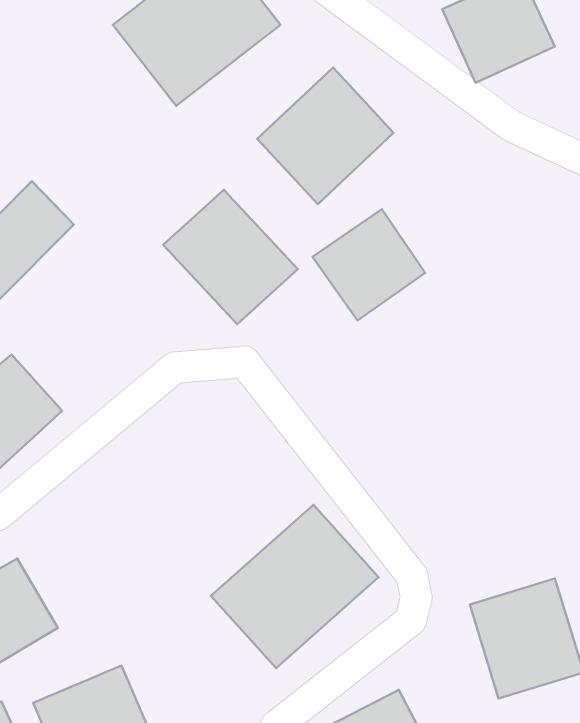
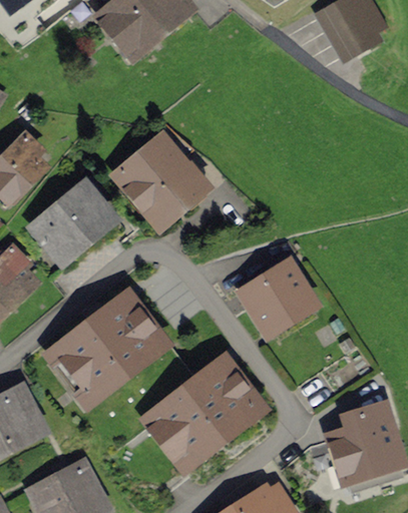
building: [257,67,394,204] -> none
building: [313,209,425,321] -> [239,256,317,334]
building: none -> [32,178,120,265]
building: none -> [52,291,170,404]

